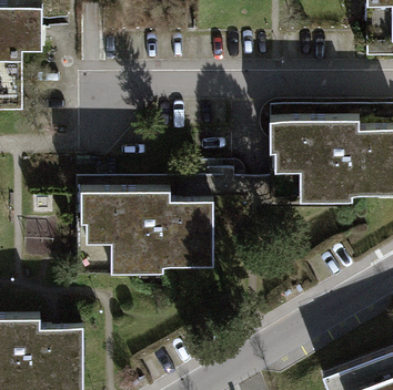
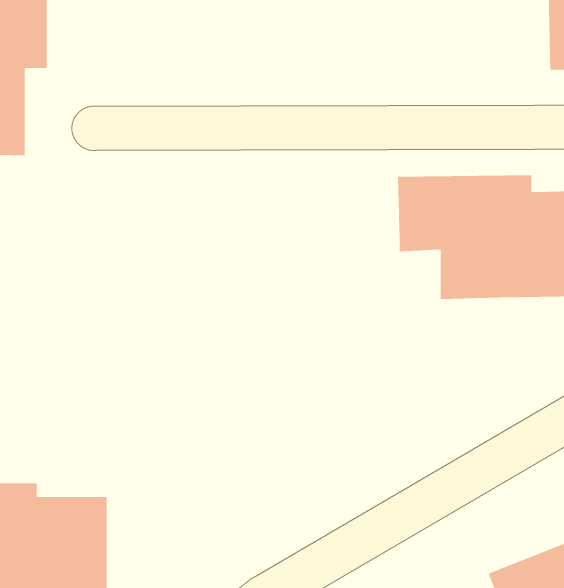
building: [77,192,209,270] -> none

